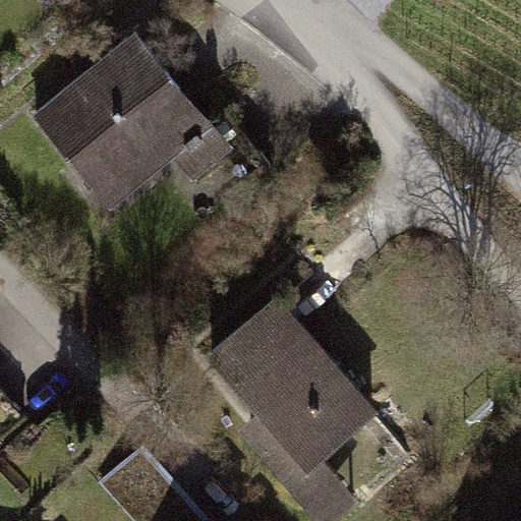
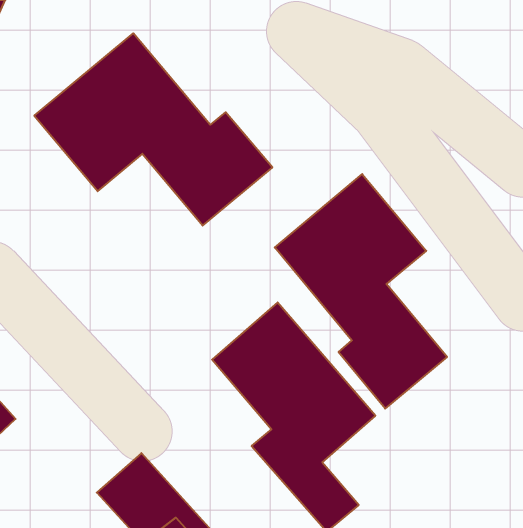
building: none -> [275,174,447,409]

